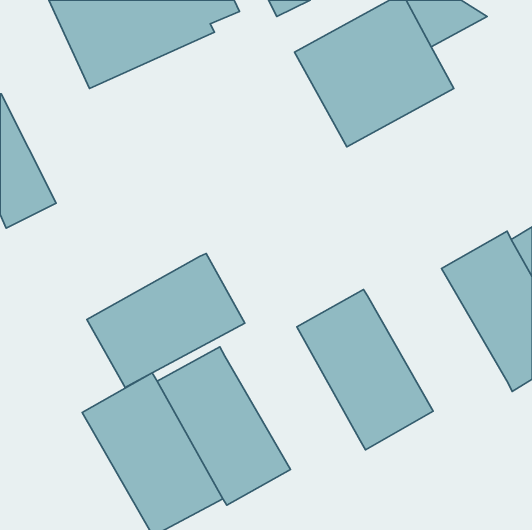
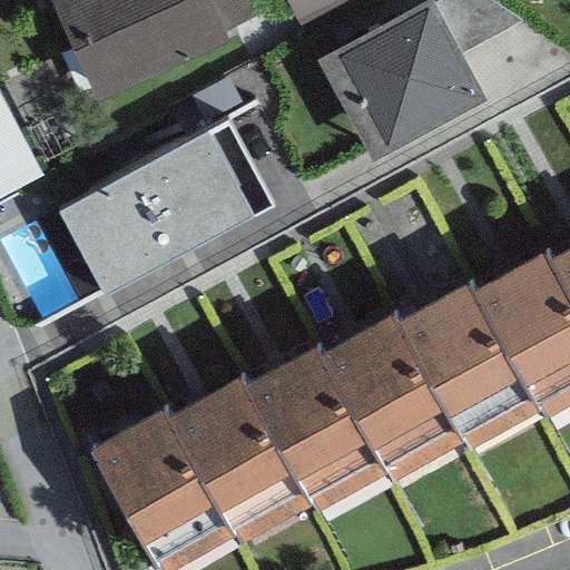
building: none -> [67,116,309,307]
building: [87,254,245,387] -> none
building: none -> [393,277,543,453]
building: none -> [240,342,385,513]

